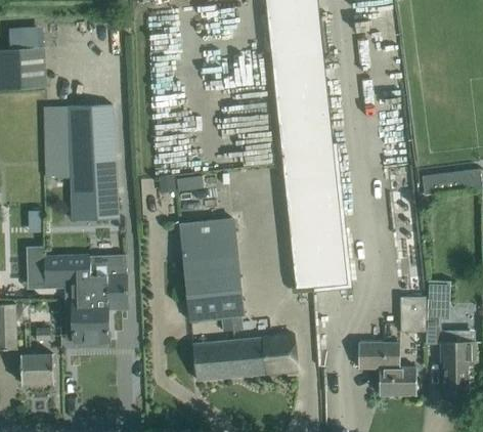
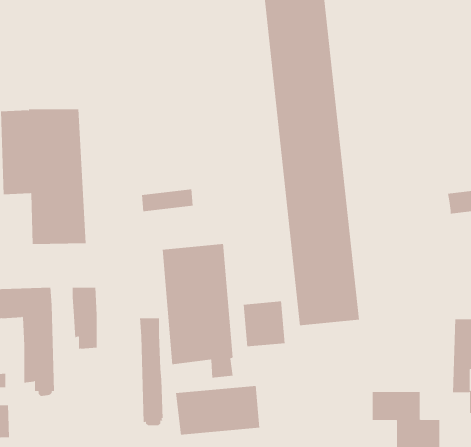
building: [88,255,108,346] -> [139,318,163,426]
building: [400,296,426,331] -> none
building: [261,335,297,374] -> [243,301,285,347]

